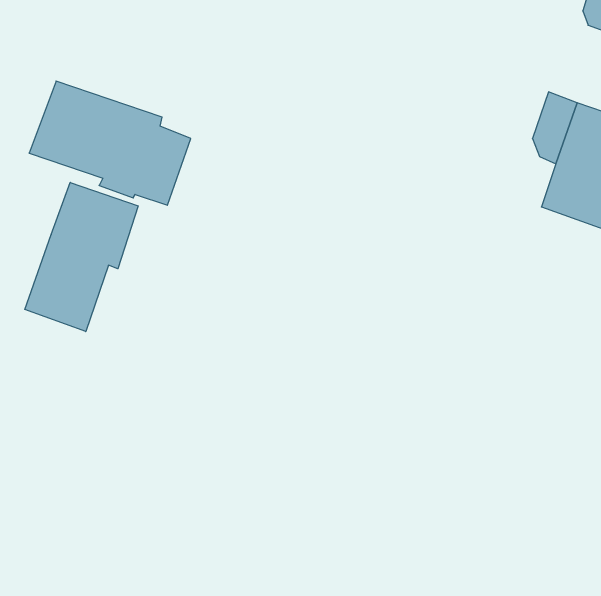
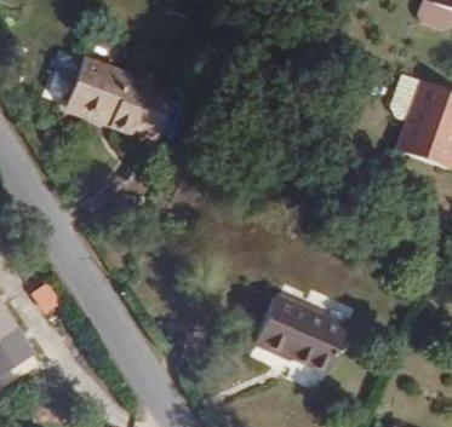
building: [25,182,138,332] -> none
building: none -> [252,298,344,371]

